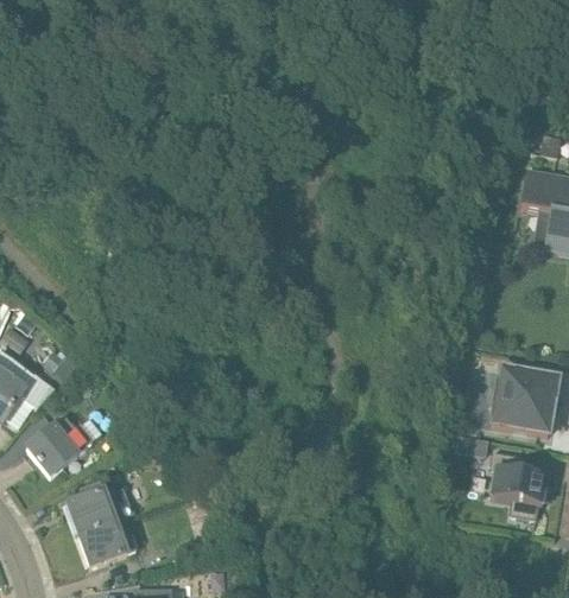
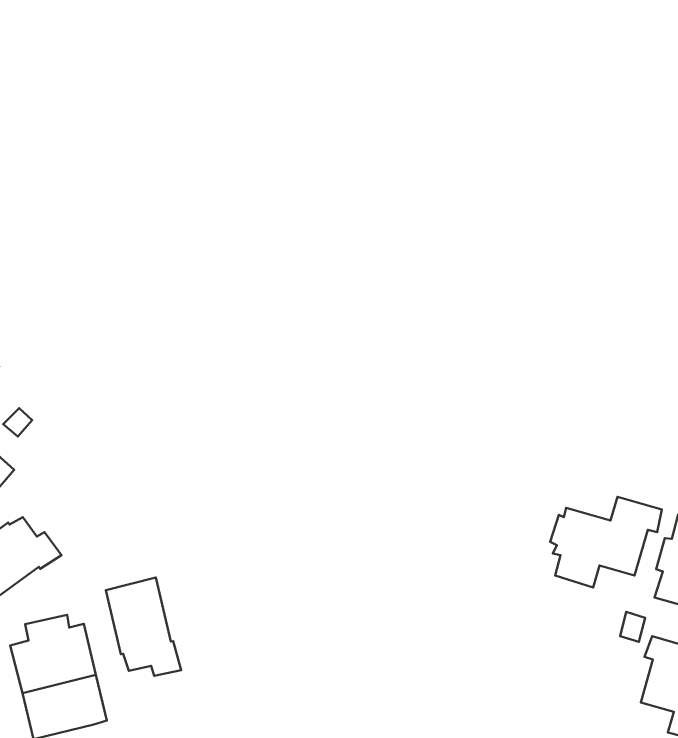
building: none -> [550,497,662,587]
building: none -> [106,577,181,676]

